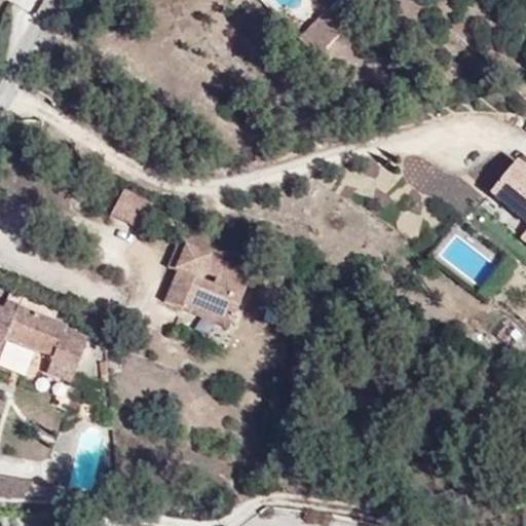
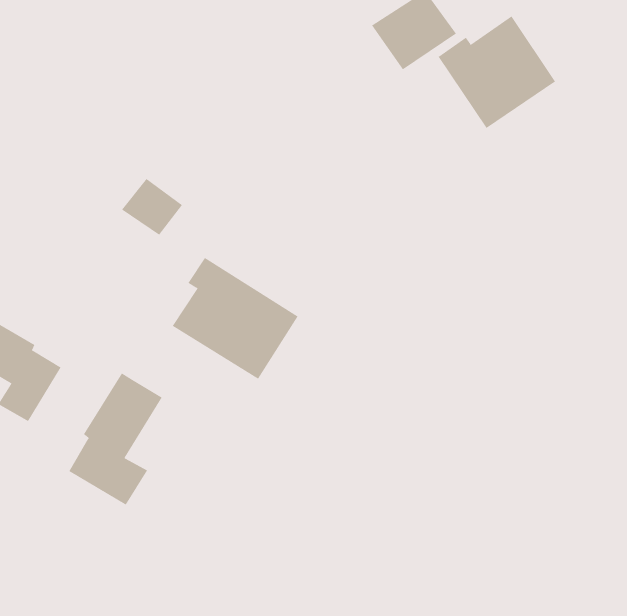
building: none -> [438,15,556,129]
building: none -> [68,373,162,505]

